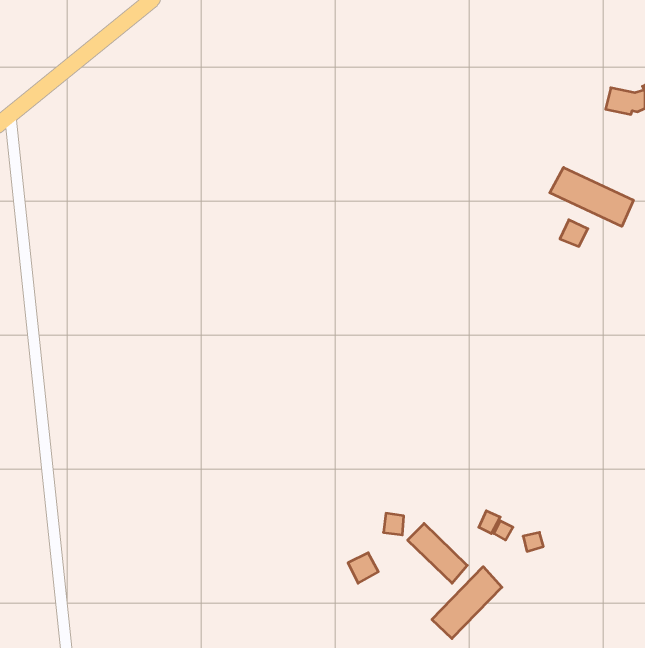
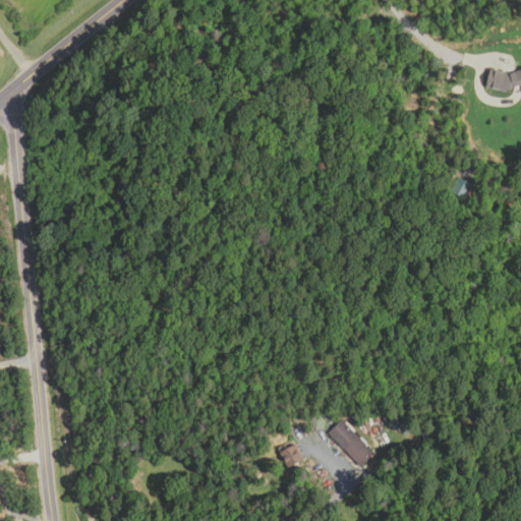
building: [550,167,633,226] -> none
building: [432,567,502,639] -> none

